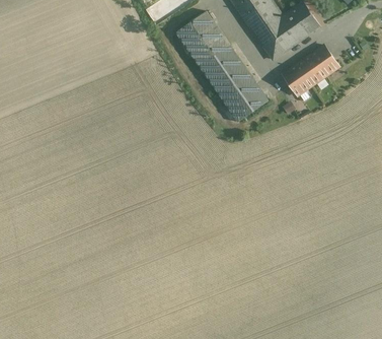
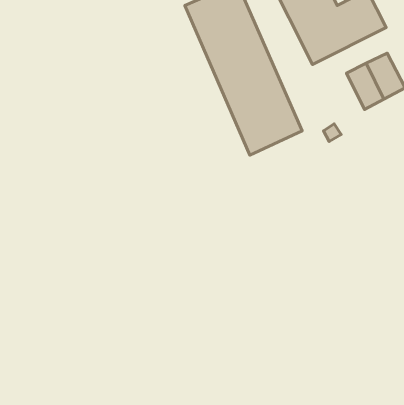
building: [282,61,312,94] -> none

